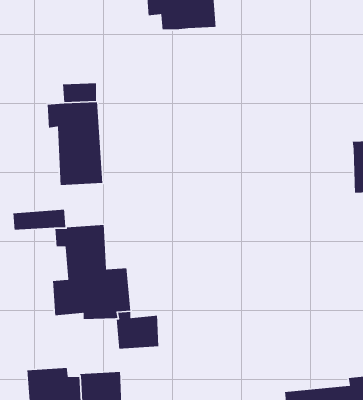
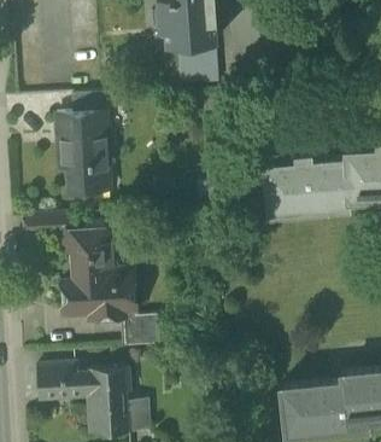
building: none -> [178,46,218,89]
building: none -> [265,157,348,216]

